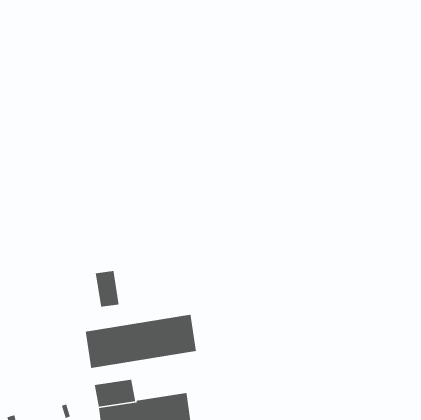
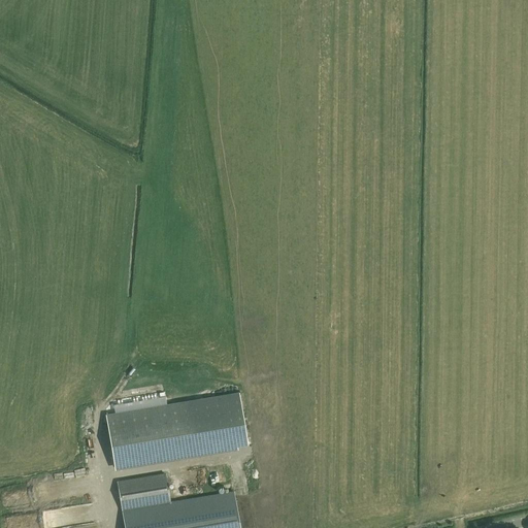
building: [95,270,120,307] -> none

